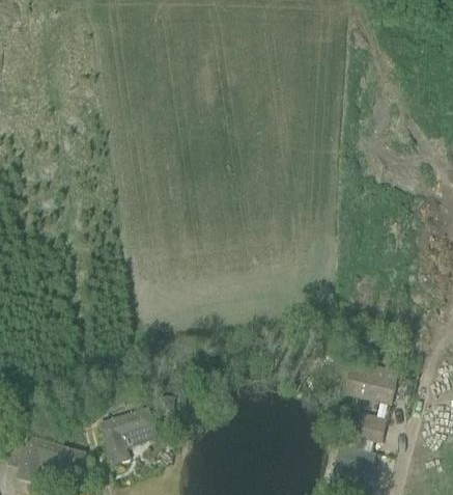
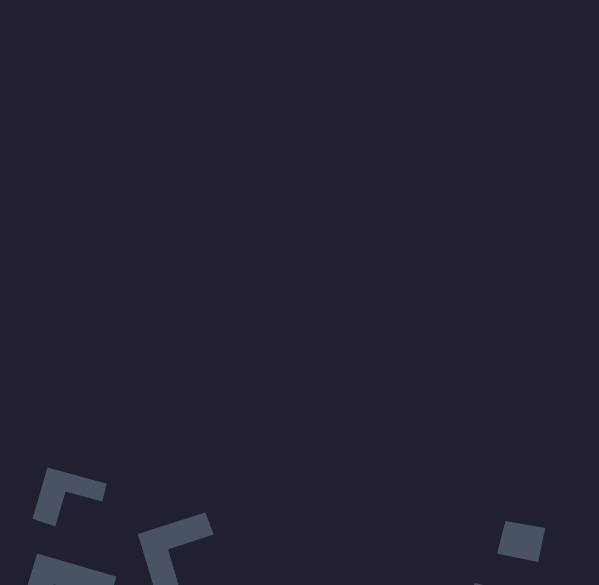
building: [344,366,399,405] -> none
building: none -> [31,466,108,527]

